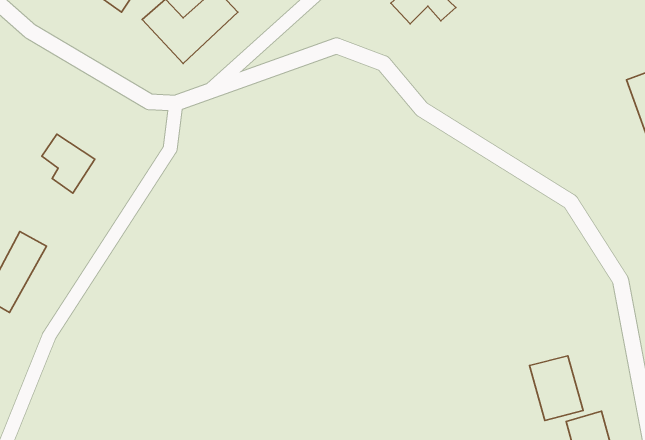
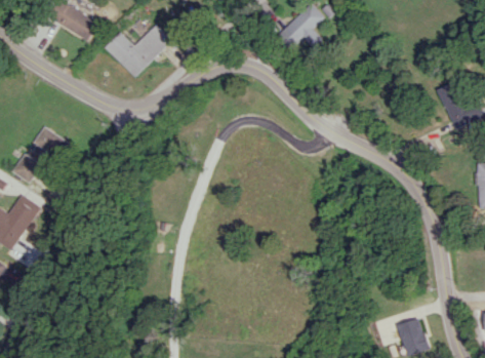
building: none -> [11,154,40,183]
building: [530,356,583,421] -> none

